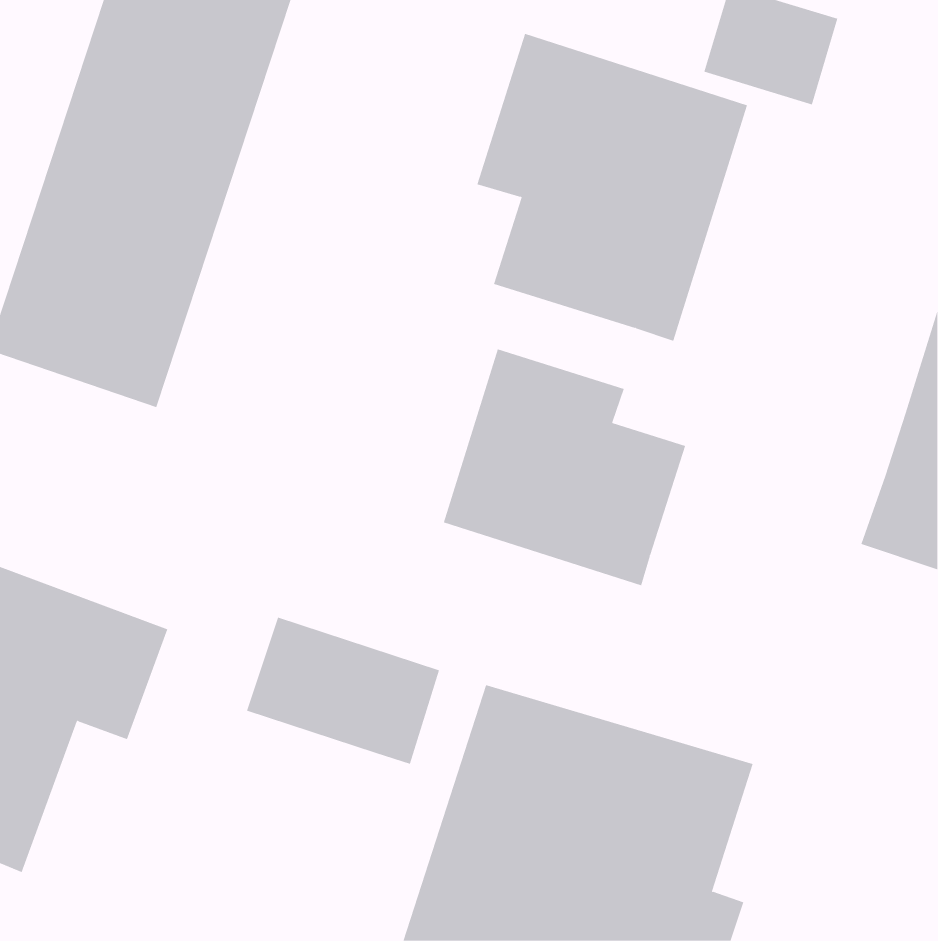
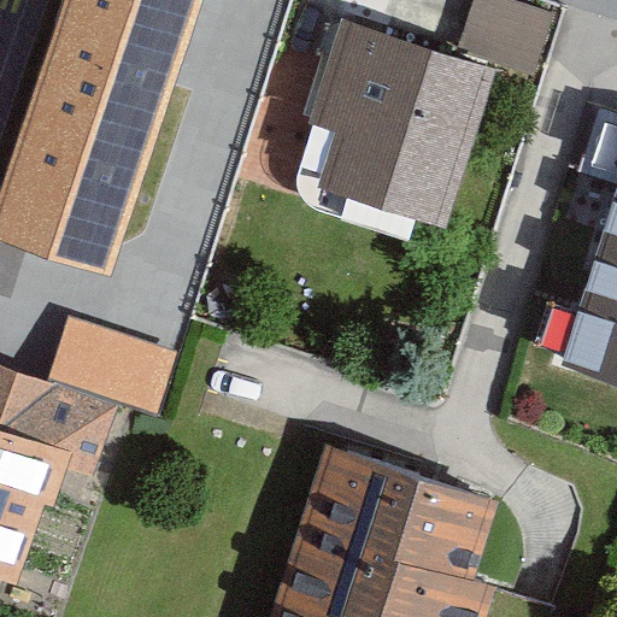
building: [443,348,686,586] -> none
building: [246,617,440,764] -> [46,317,172,413]

